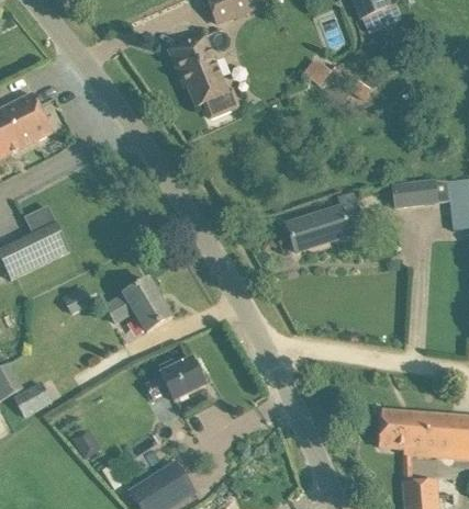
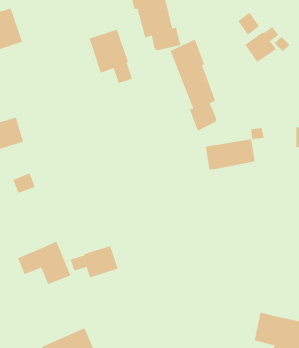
building: none -> [245,26,279,63]
building: none -> [170,39,216,132]
building: none -> [89,29,133,84]
building: [104,278,171,331] -> [17,241,71,285]

